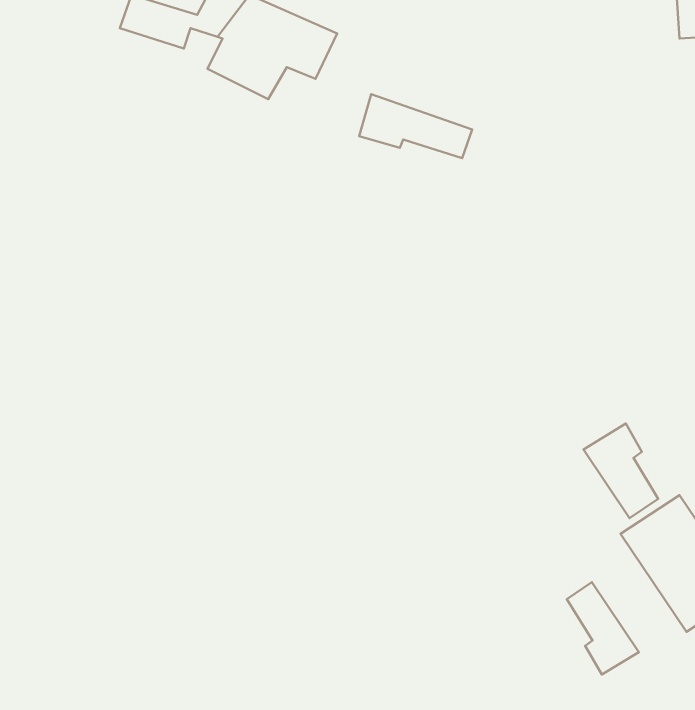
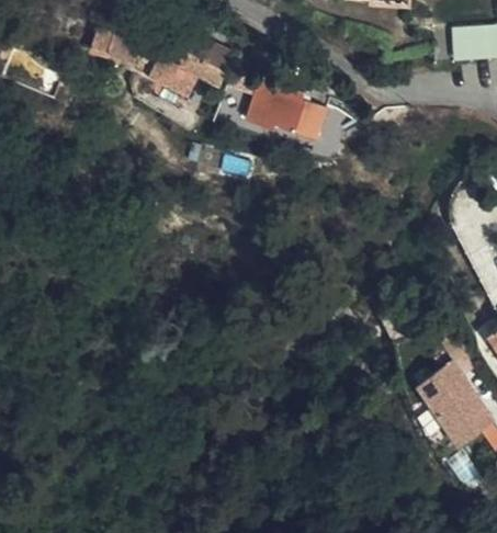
building: [583,424,658,518] -> none
building: [567,582,639,675] -> none

